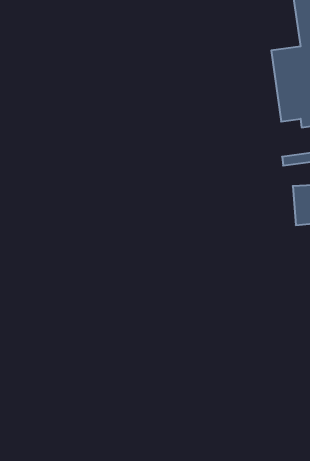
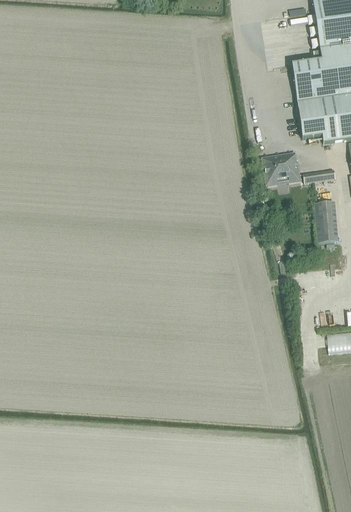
building: none -> [262,151,300,184]

